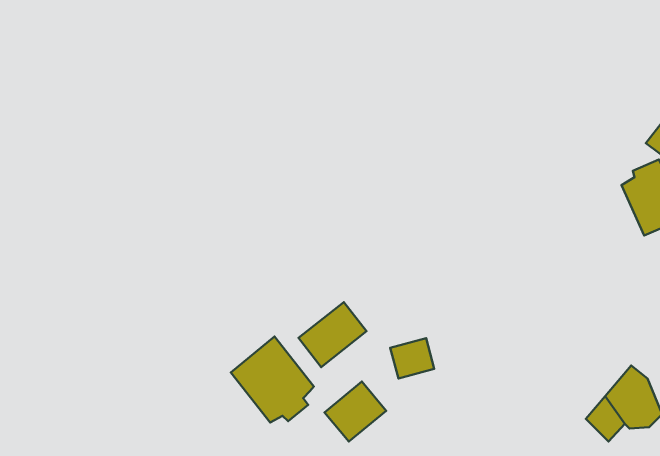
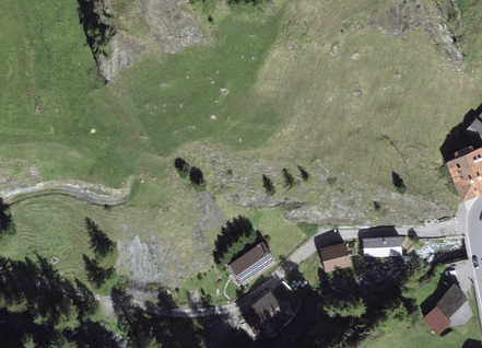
building: none -> [362,236,402,257]
building: [231,337,314,422] -> none
building: [390,338,434,379] -> [319,244,349,271]

